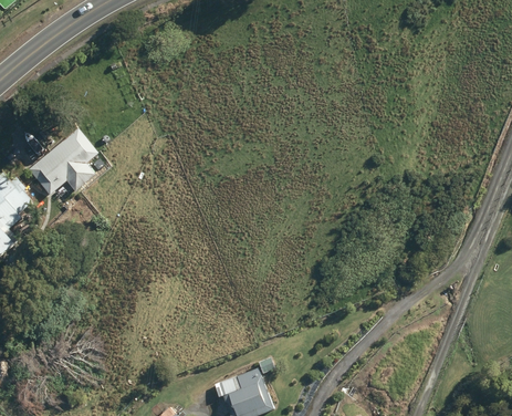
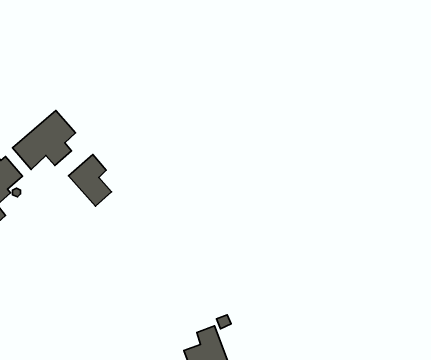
building: none -> [68,155,112,206]

